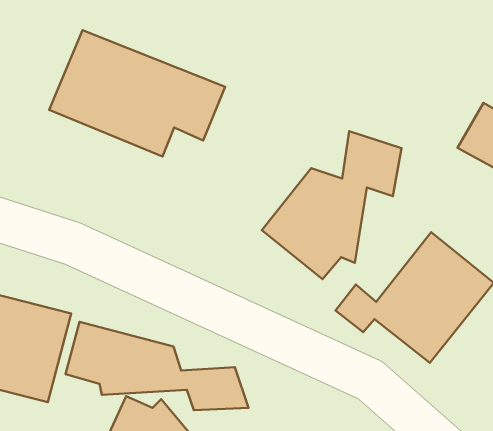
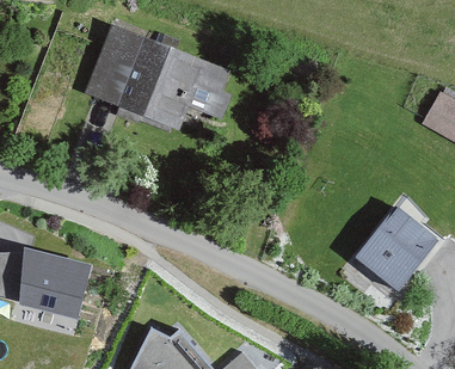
building: [262,131,401,279] -> none
building: [65,322,249,410] -> none

